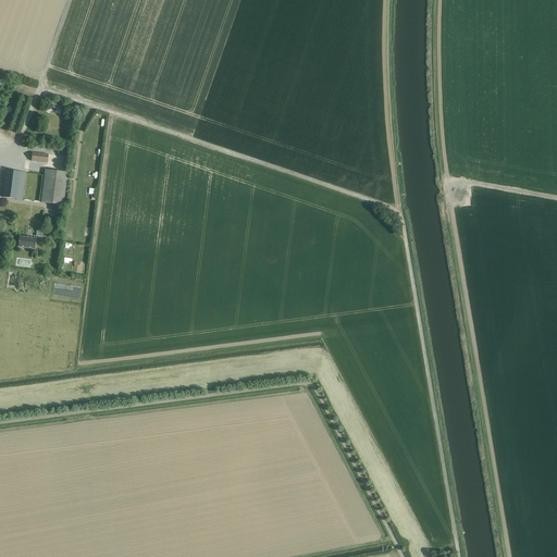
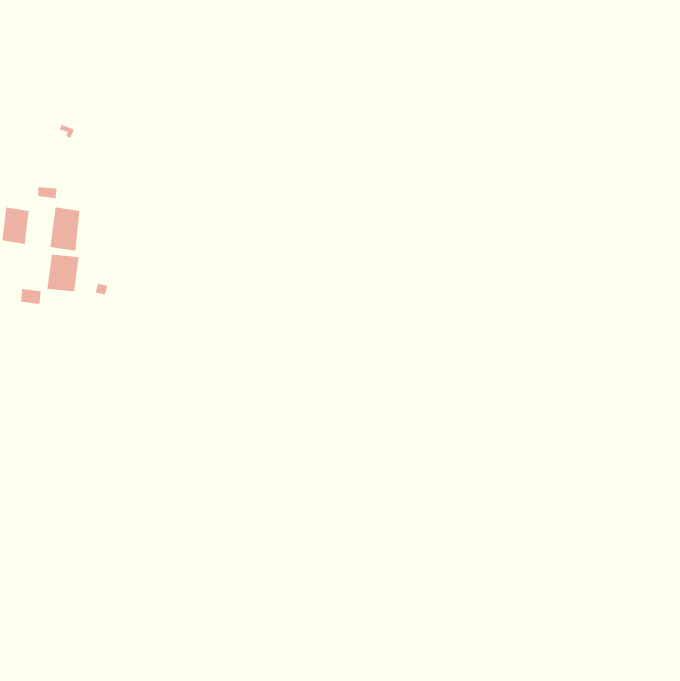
building: none -> [47,254,79,292]

